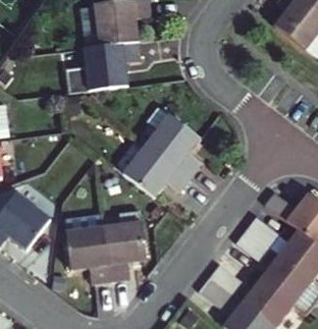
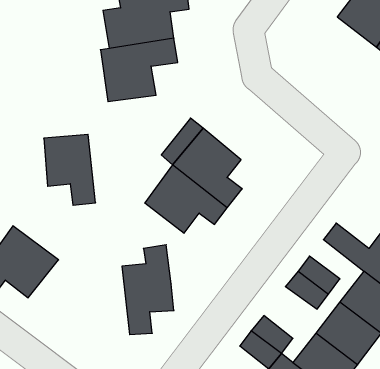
building: [65,224,107,281] -> [44,134,96,205]

